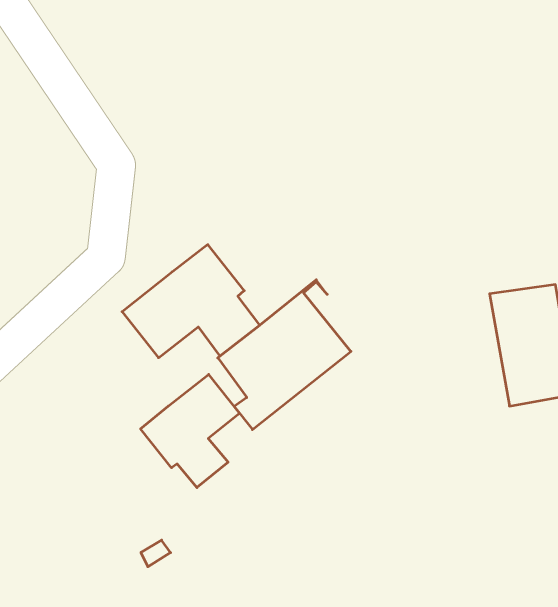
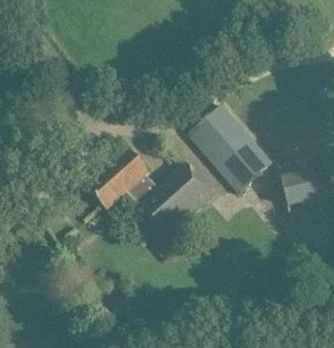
building: none -> [189,105,273,192]
building: [141,374,240,488] -> none

